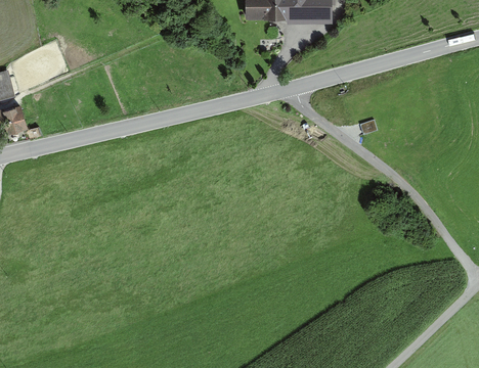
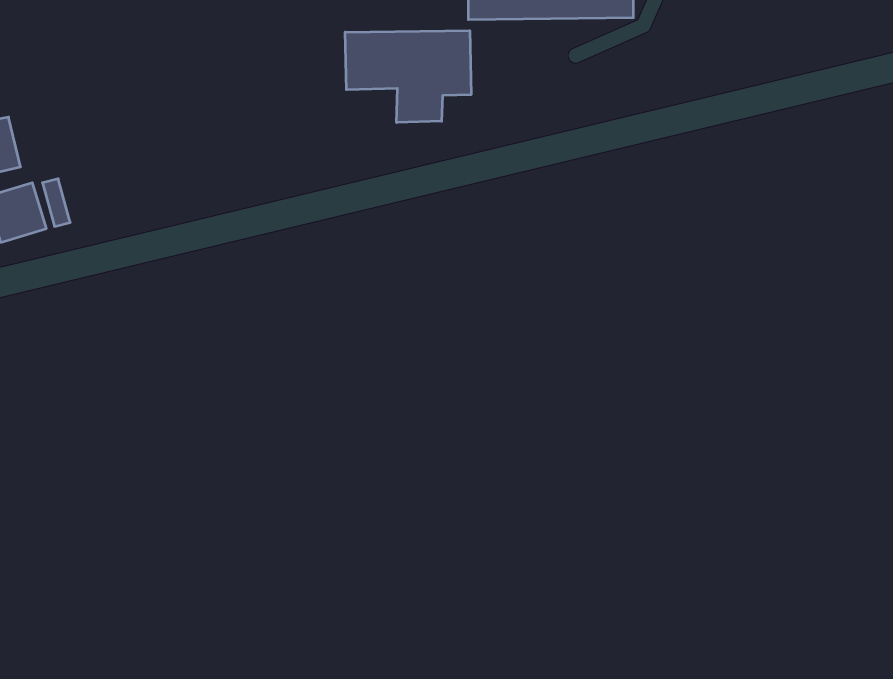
building: none -> [345,31,471,123]

